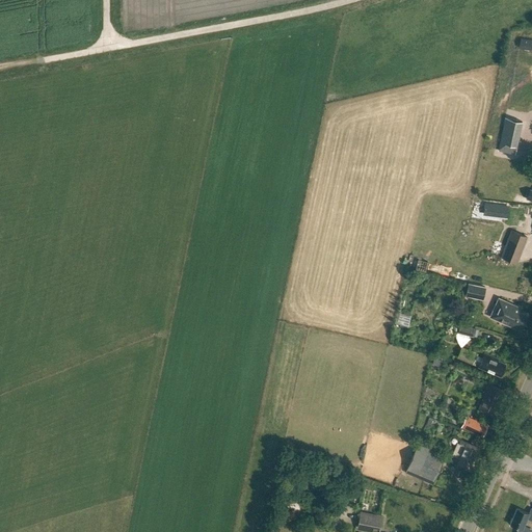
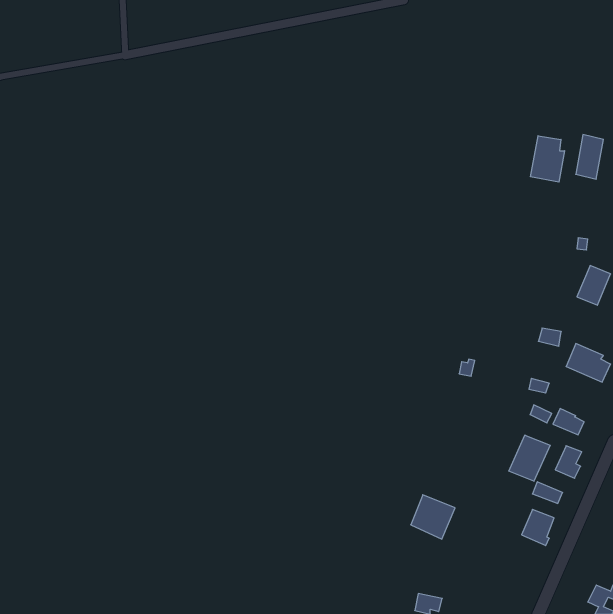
building: none -> [531,136,565,182]
building: none -> [509,435,550,481]
building: [407,446,446,484] -> [411,495,455,539]

